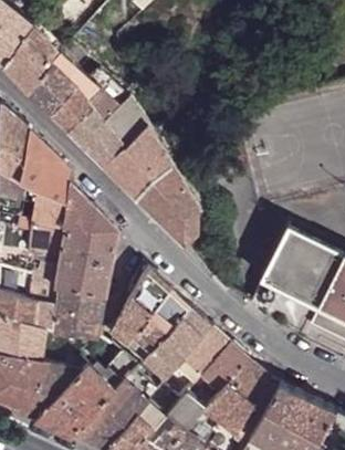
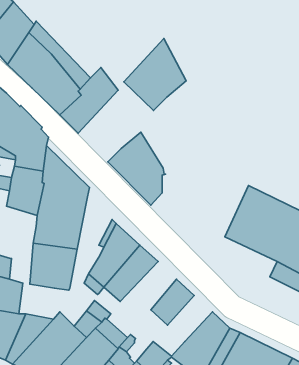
building: [105,125,172,202] -> [124,39,186,111]
building: [31,266,60,334] -> none
building: [143,310,211,381] -> none
building: [201,346,250,396] -> none

